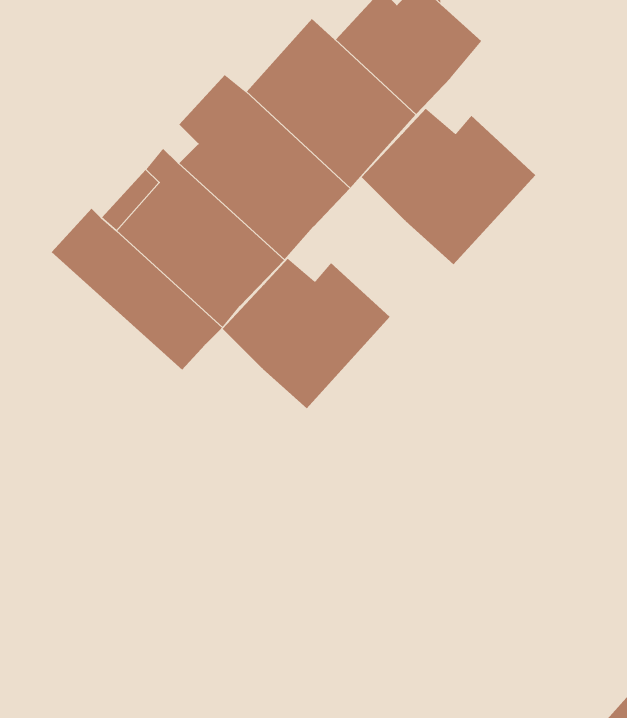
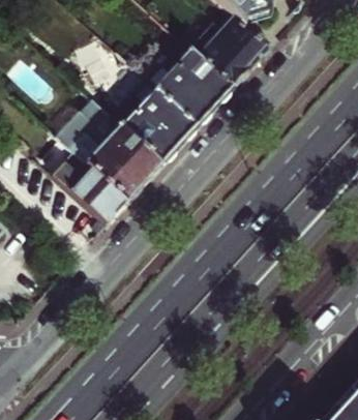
building: [361,108,536,265] -> none
building: [222,258,391,409] -> none

